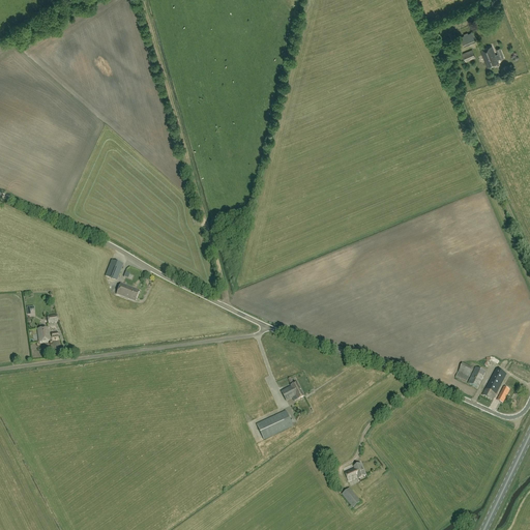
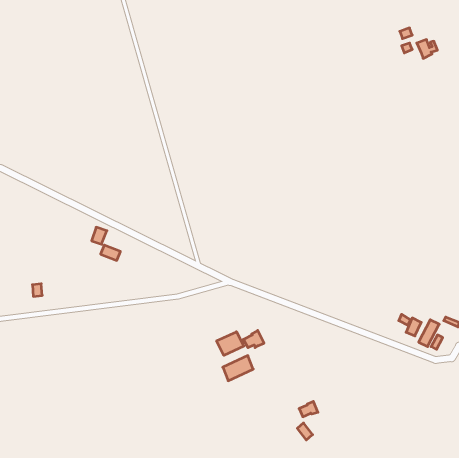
building: none -> [217,332,244,355]

